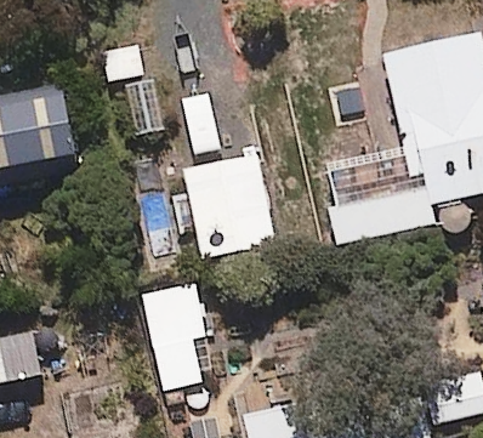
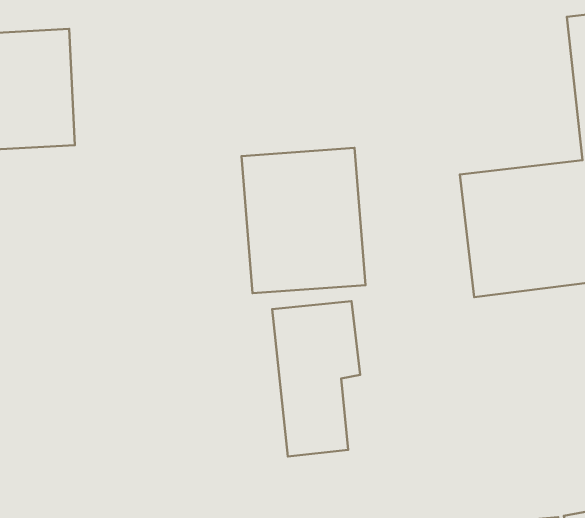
building: [142,283,204,388] -> [272,301,360,456]

